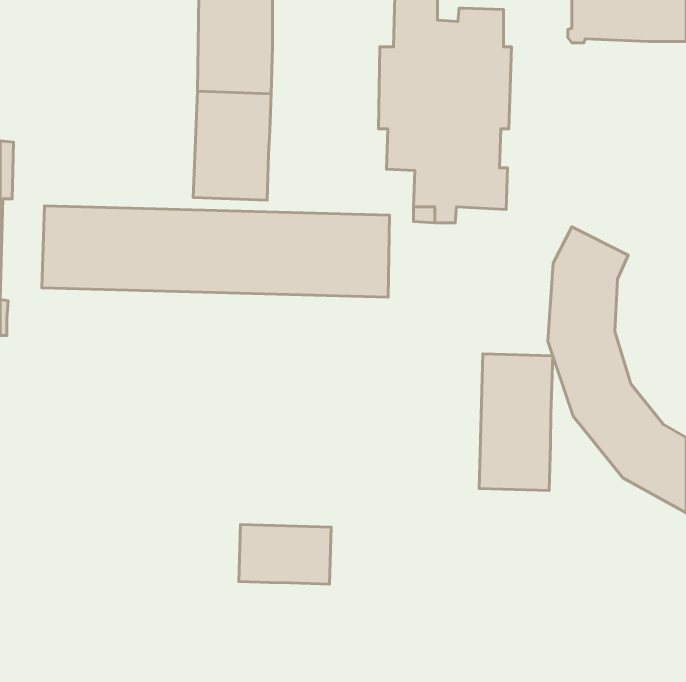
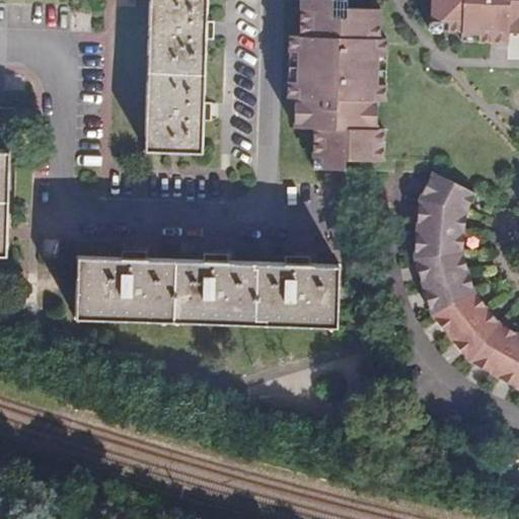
building: [42,206,390,297] -> [76,256,339,325]
building: [479,354,553,491] -> none
building: [239,525,331,584] -> none

